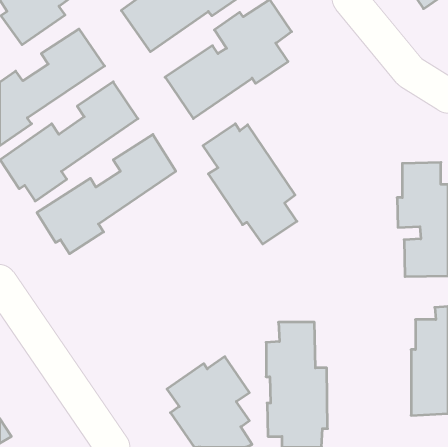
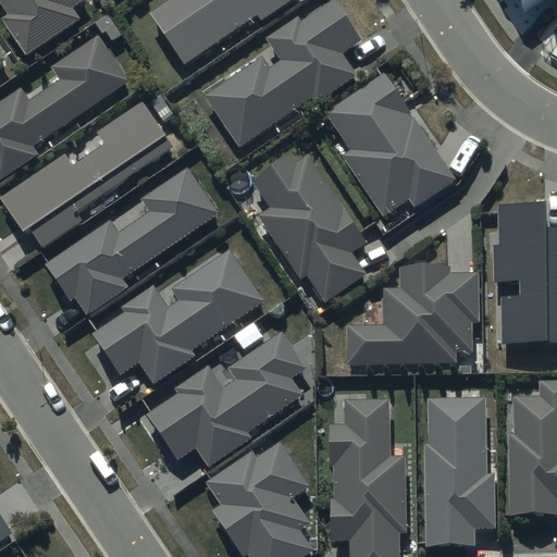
building: none -> [326,73,455,216]
building: none -> [91,249,265,384]
building: none -> [347,265,480,363]
building: none -> [147,332,306,467]
building: none -> [423,397,494,545]

